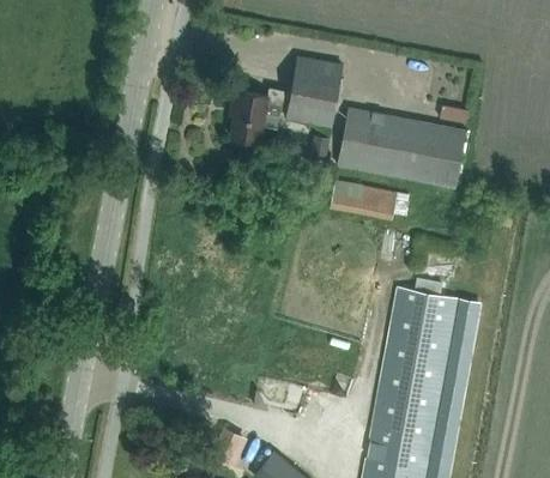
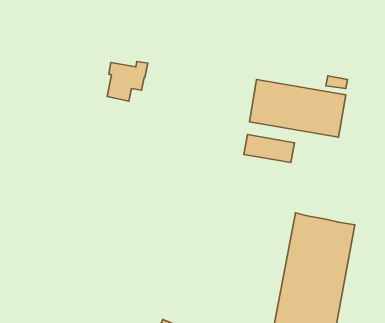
building: [286,56,342,127] -> none
building: [230,89,284,141] -> [107,61,148,101]

